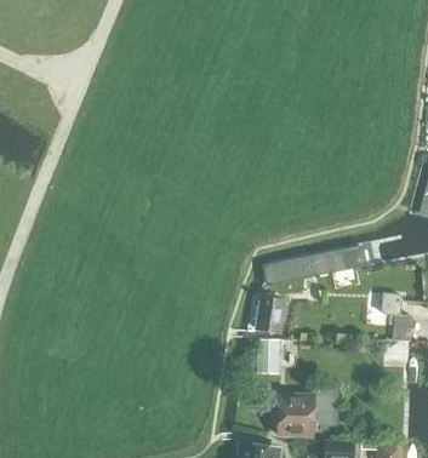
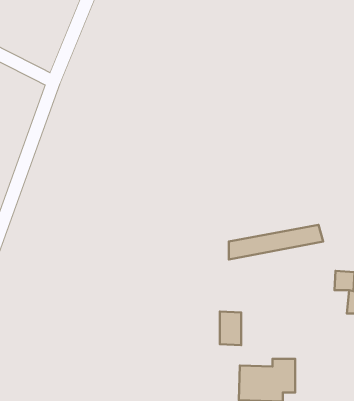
building: [255,296,286,336] -> none

